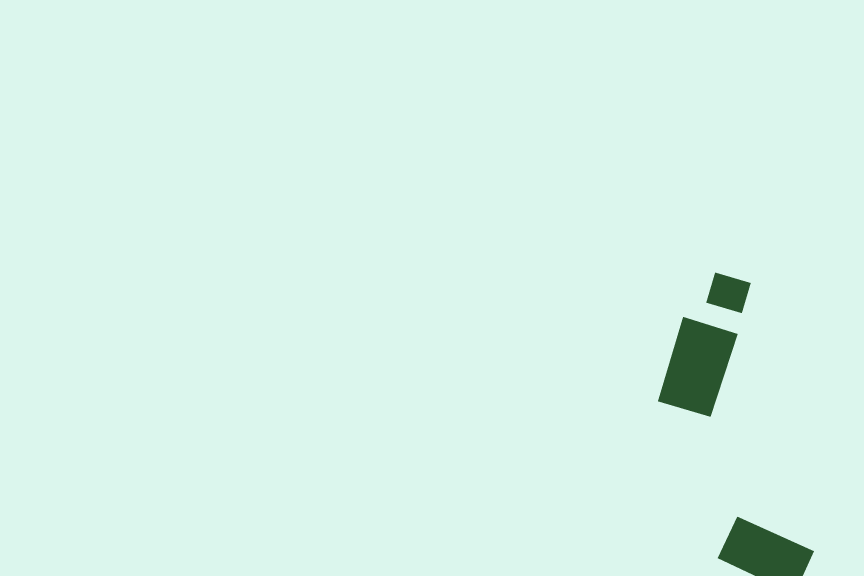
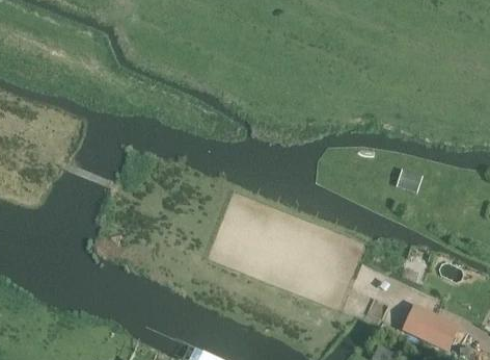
building: [657,316,739,418] -> none

